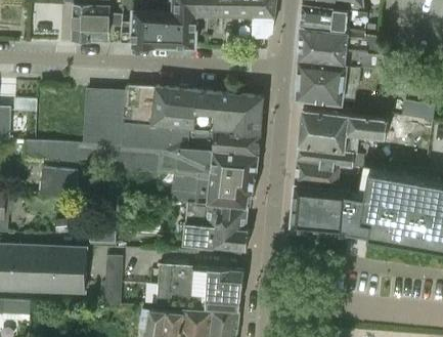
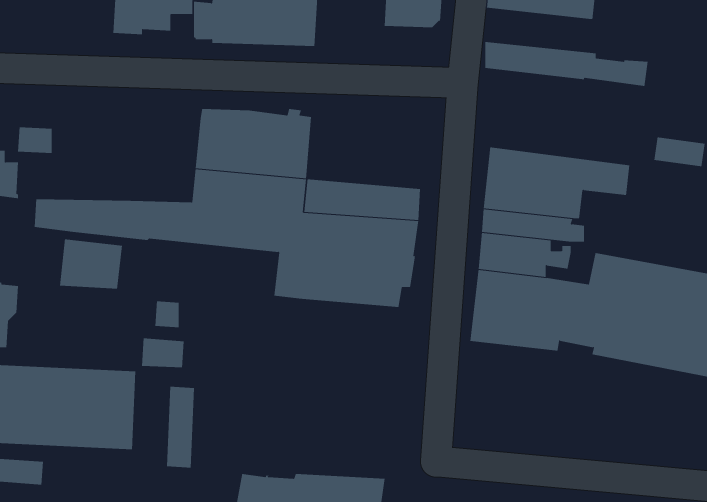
building: [299,29,384,57] -> none
building: [297,61,360,104] -> none
building: [83,90,125,143] -> none
building: [190,91,263,135] -> none
building: [183,203,249,251] -> none
building: [156,264,243,311] -> none

